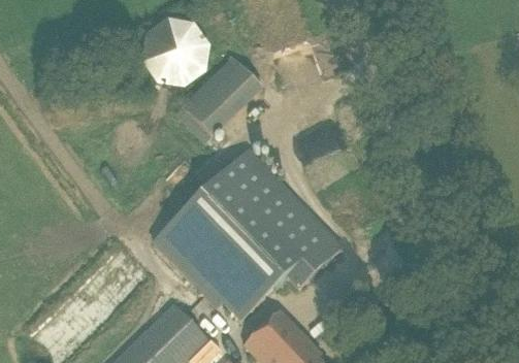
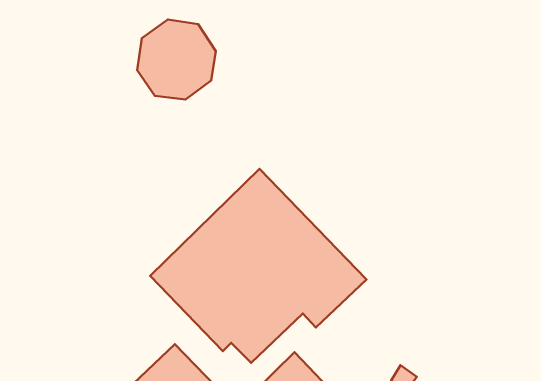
building: [174,52,261,140] -> none

